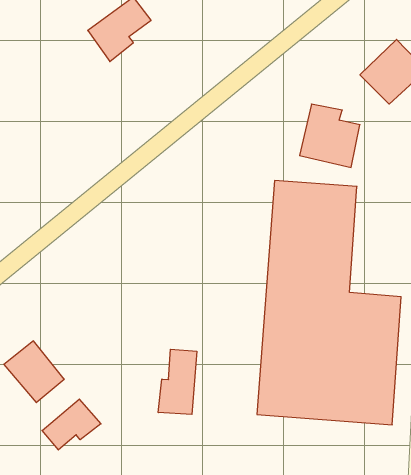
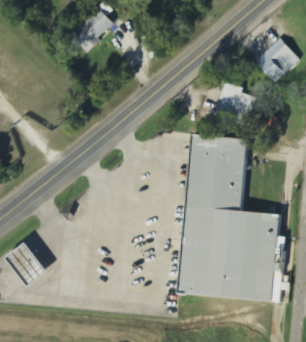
building: [158,349,197,414] -> none
building: [42,399,101,450] -> none

